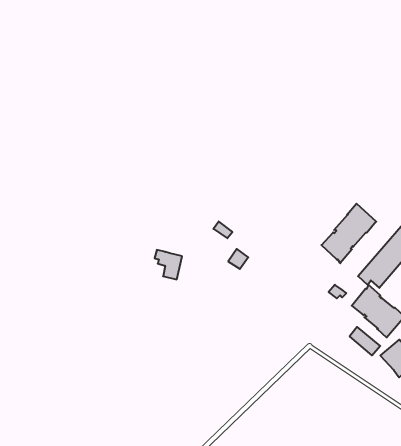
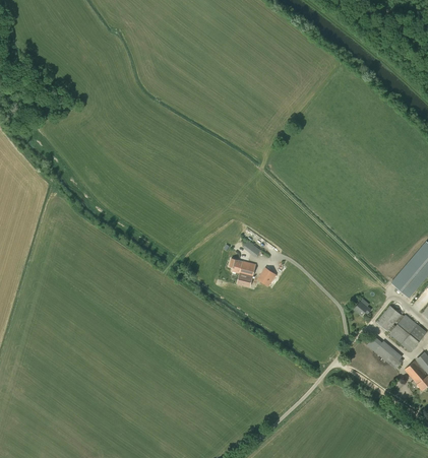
building: [321,204,376,263] -> none
building: [155,250,182,279] -> [229,257,255,285]

